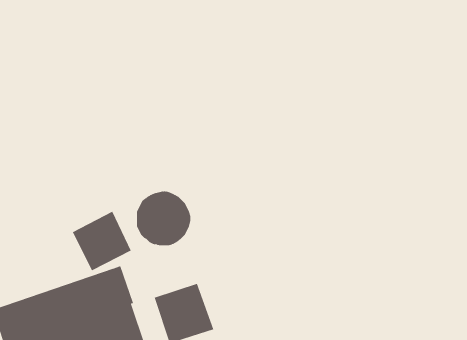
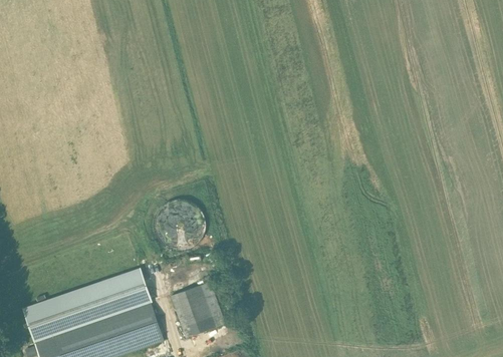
building: [72,211,131,271] -> none

